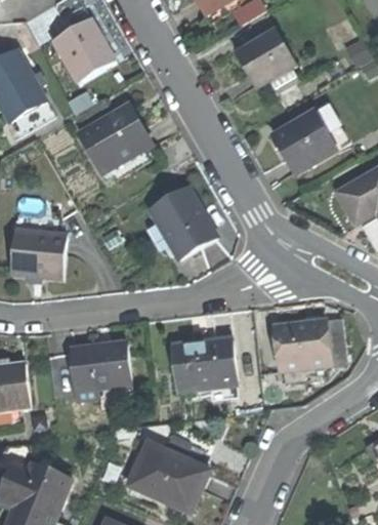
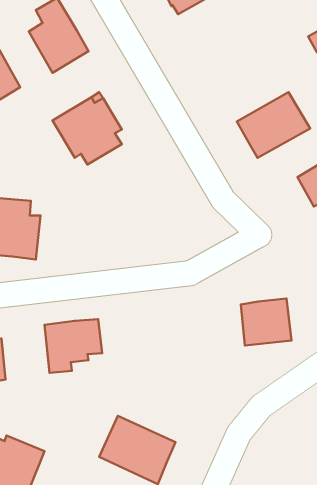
building: [238,27,296,88] -> none
building: [149,187,213,257] -> none
building: [171,336,236,397] -> none

